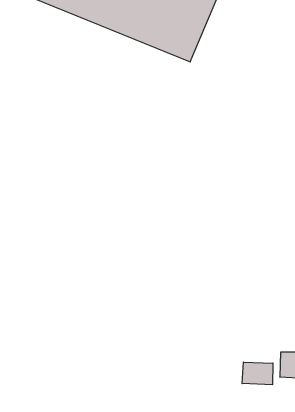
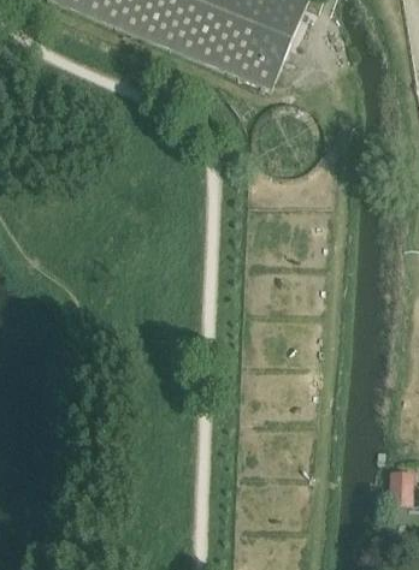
building: [242,362,273,385] -> none

